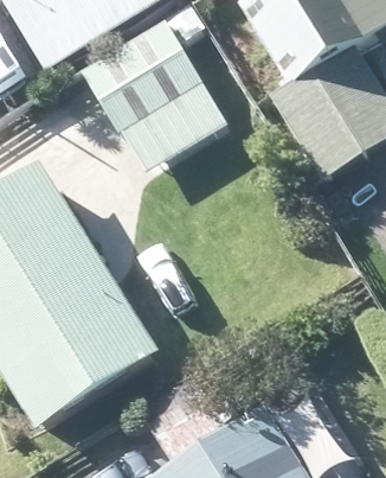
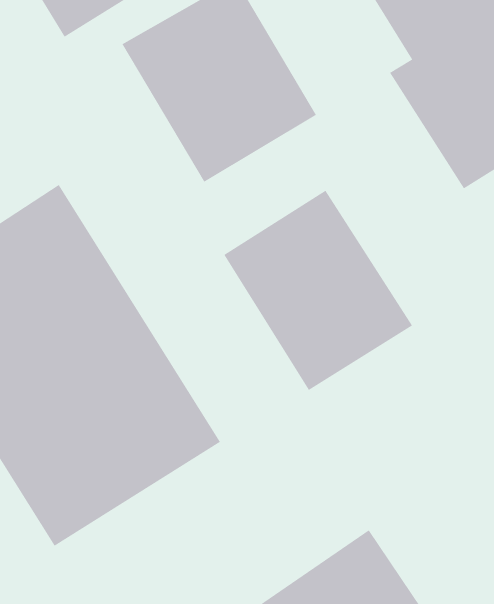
building: none -> [223,190,413,391]

